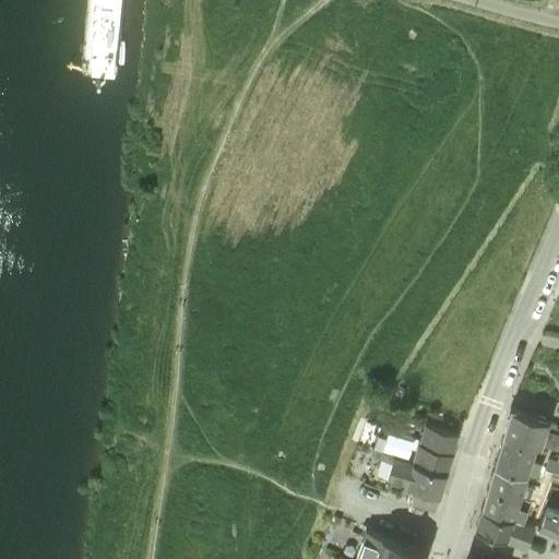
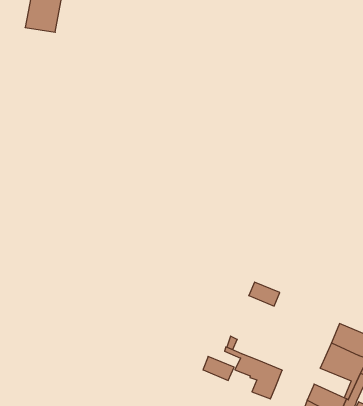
building: [420,428,459,455] -> [249,282,280,306]
building: [414,450,452,477] -> [203,356,234,380]
building: [488,469,534,503] -> none

